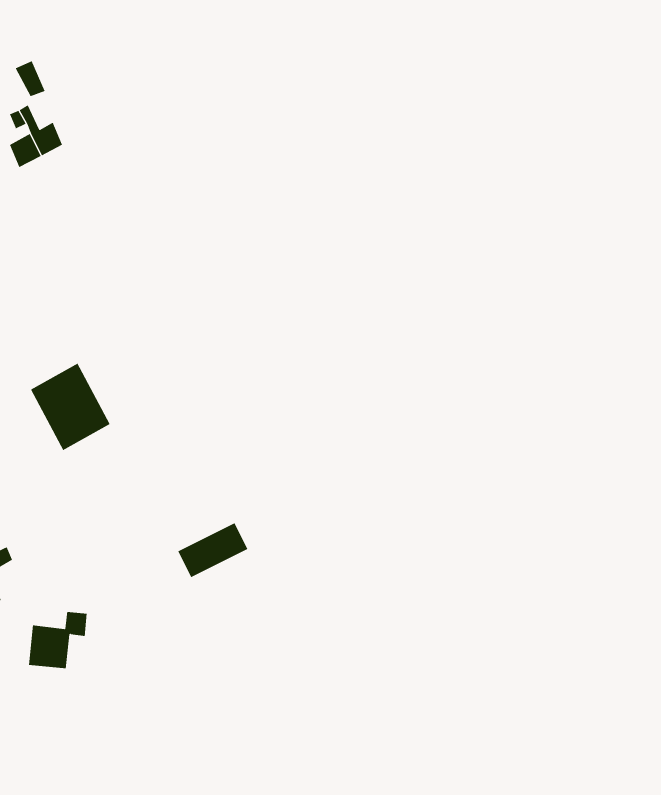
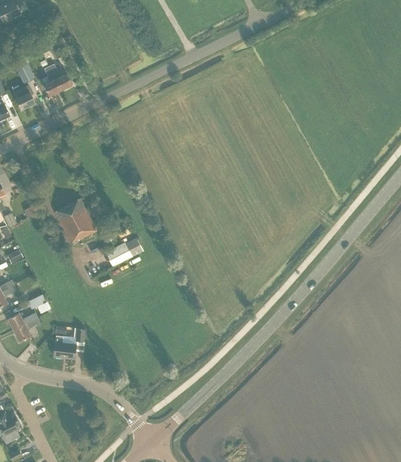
building: [178,522,248,578] -> [105,237,142,266]

